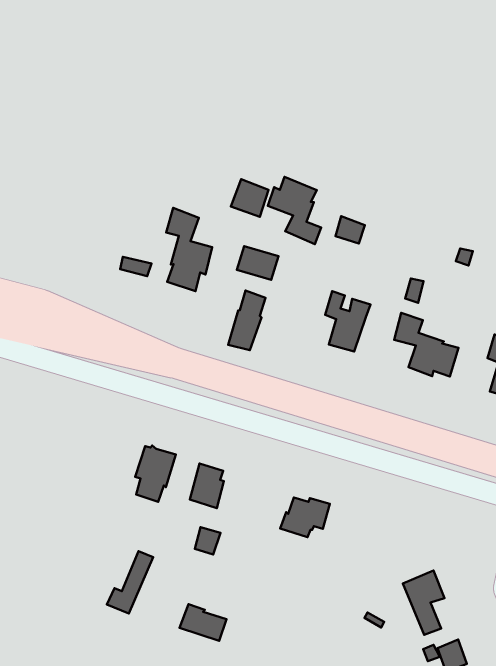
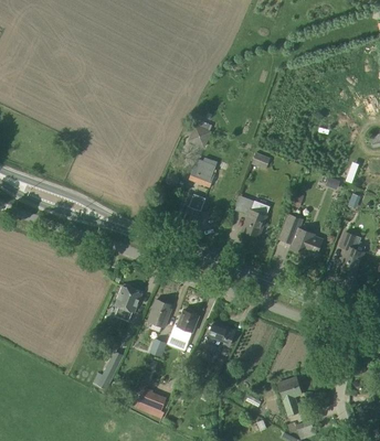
building: [268,177,321,244] -> none
building: [166,208,212,291] -> none
building: none -> [175,309,199,340]

